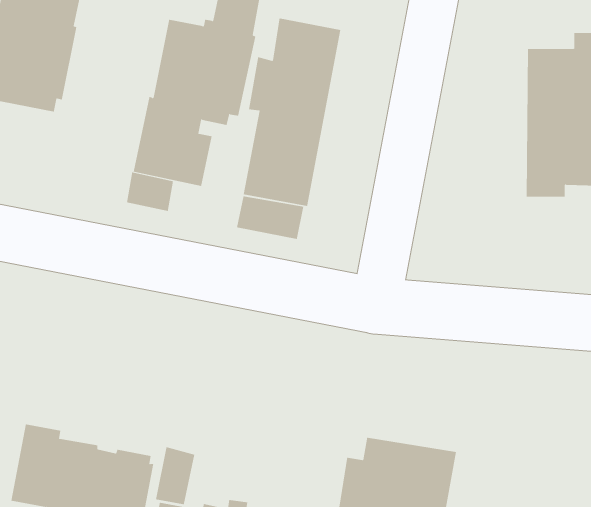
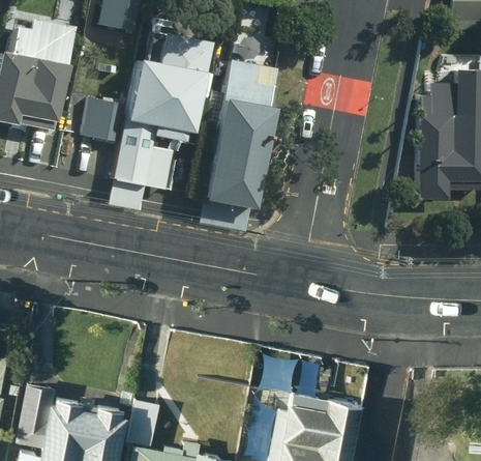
building: none -> [81,97,125,141]

